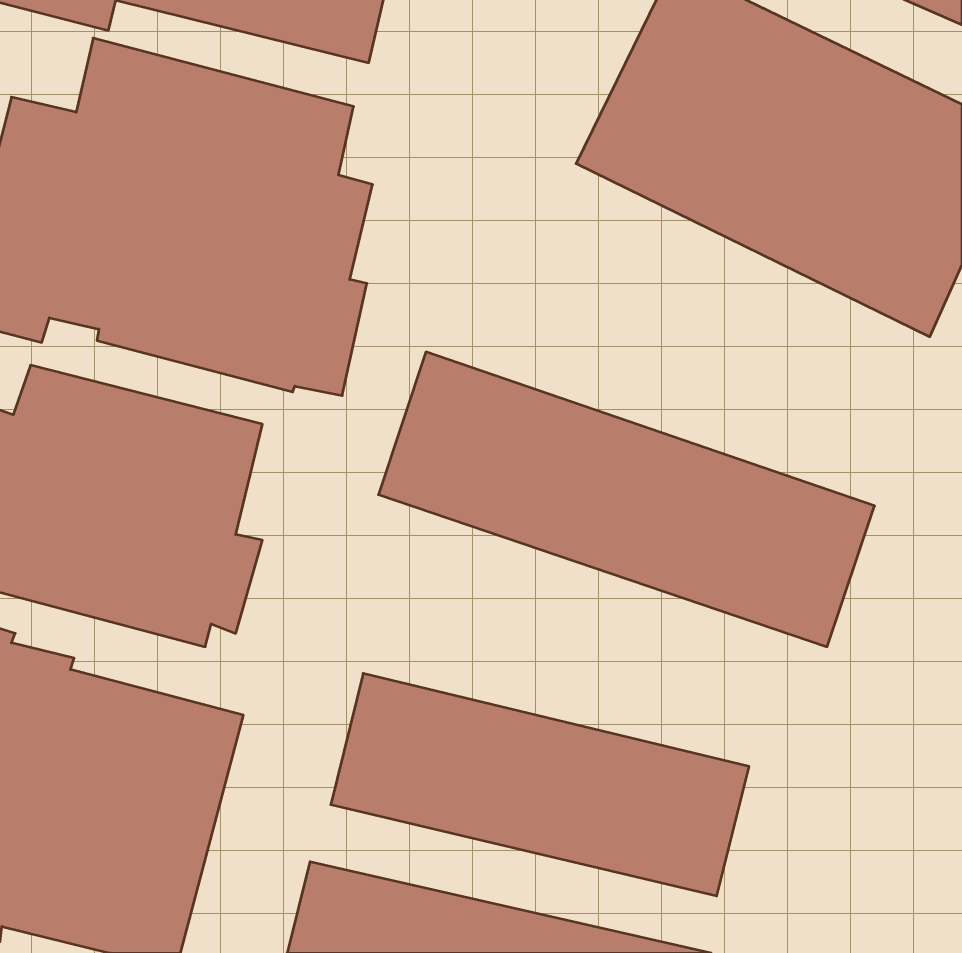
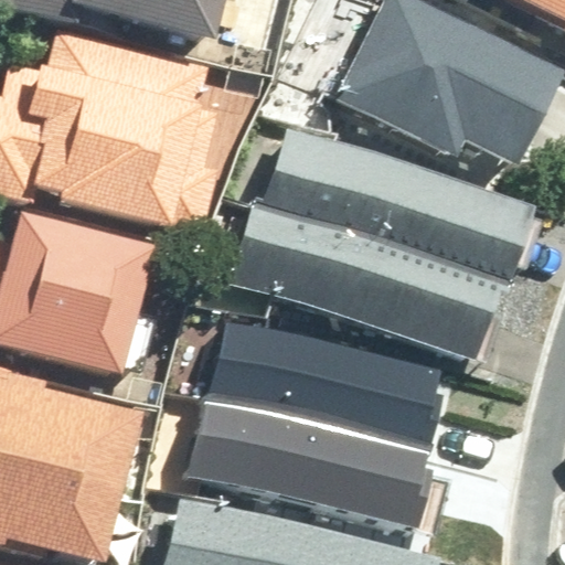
building: none -> [247,122,536,294]
building: none -> [211,316,452,445]

